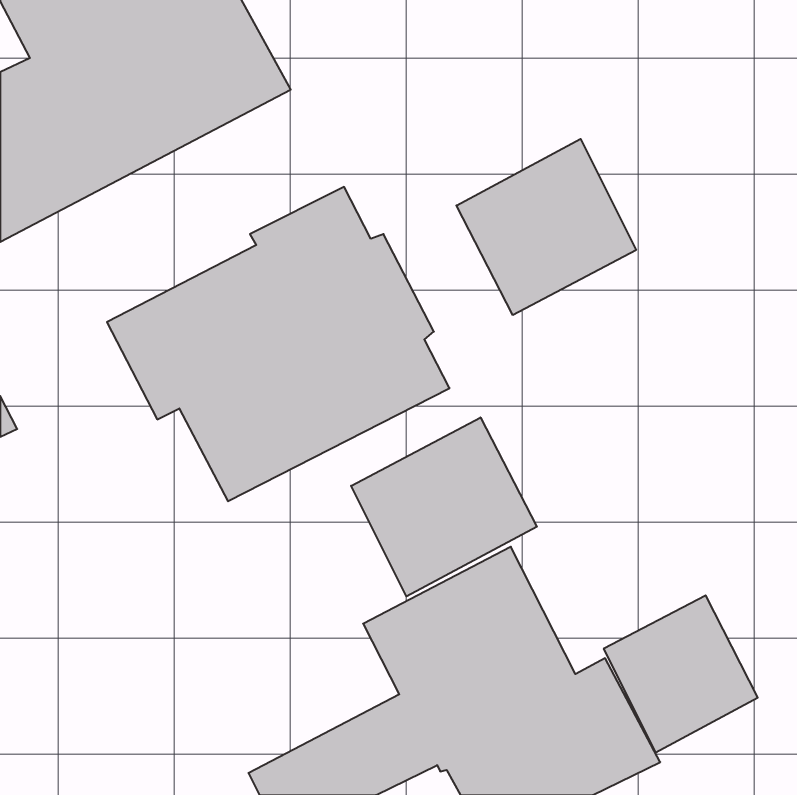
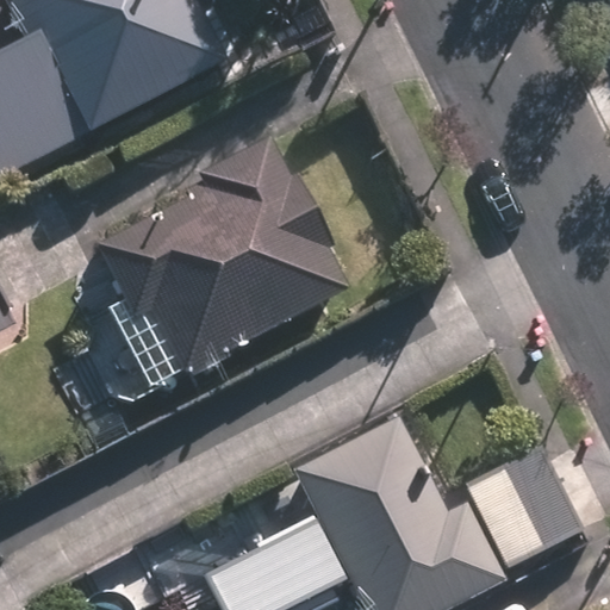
building: [456,139,636,315] -> none
building: [351,417,537,597] -> none

